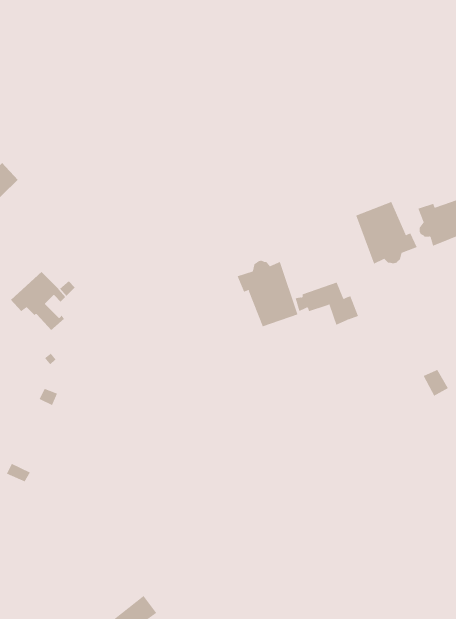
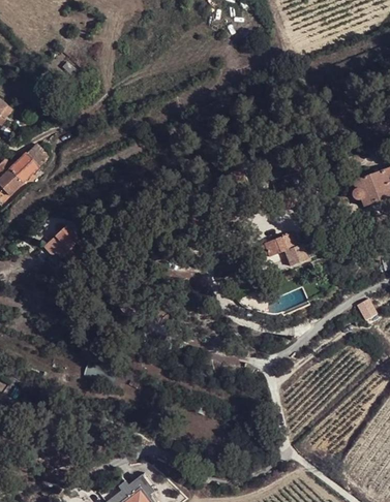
building: [356,201,418,265] -> none
building: [237,260,298,327] -> none

